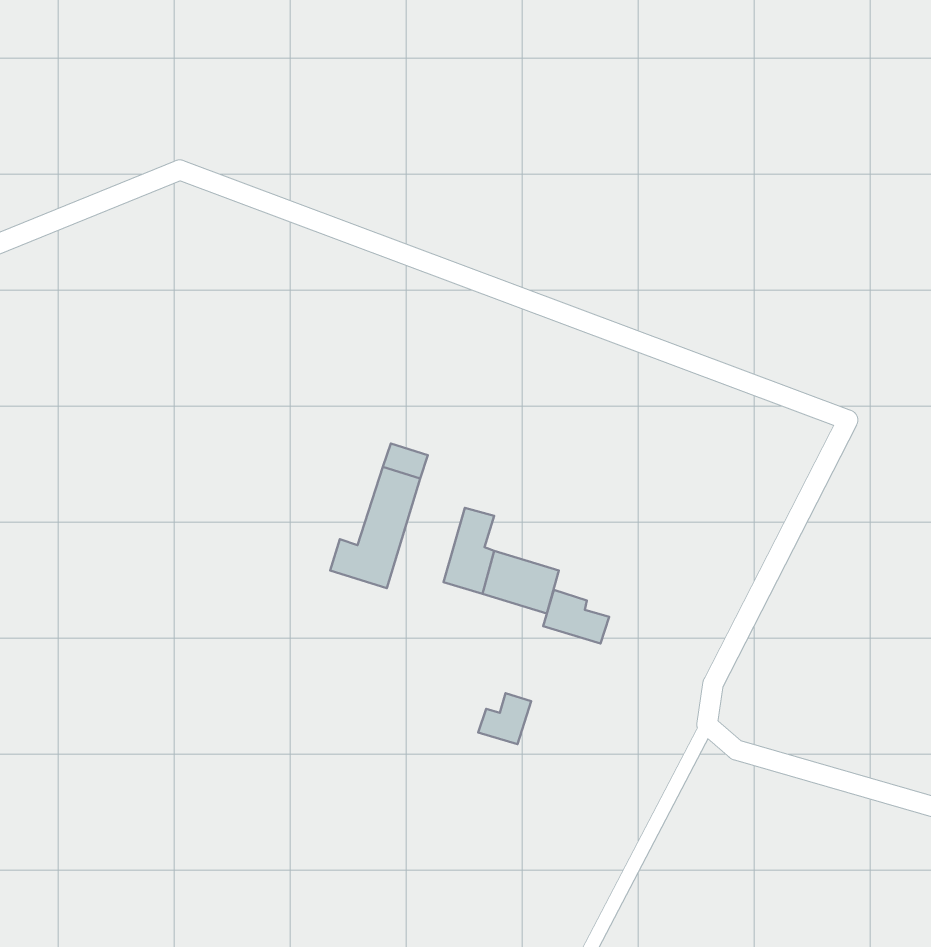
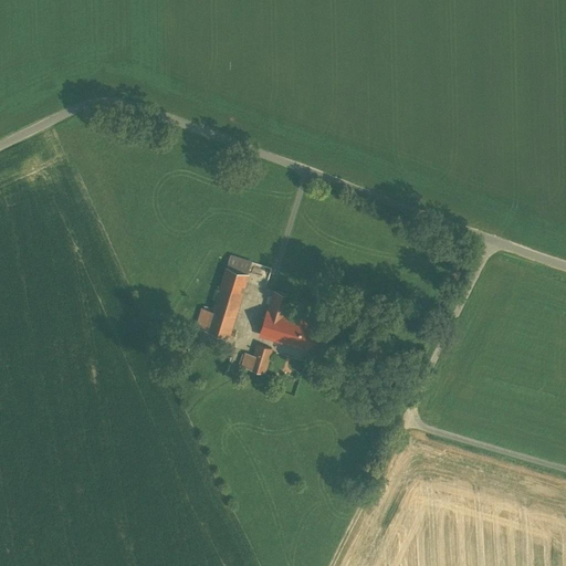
building: [543,590,609,644] -> none
building: [478,693,531,744] -> [241,345,271,374]

